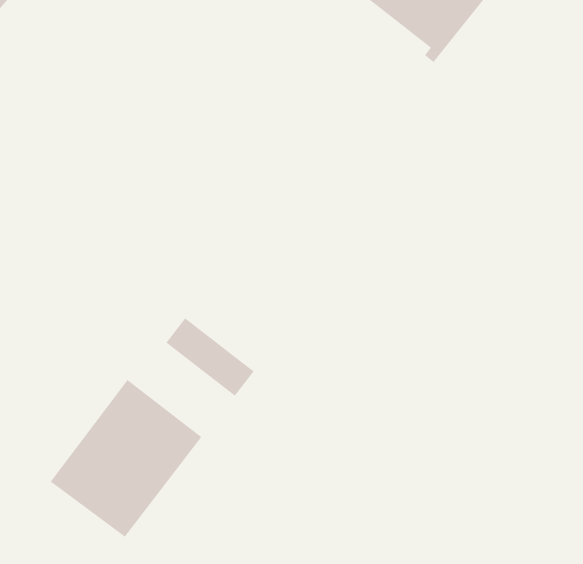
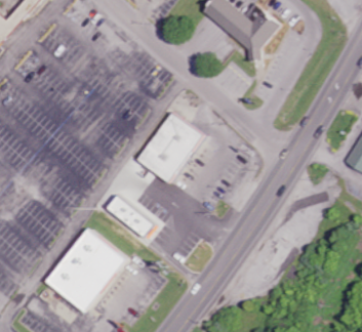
building: none -> [136,110,202,181]

